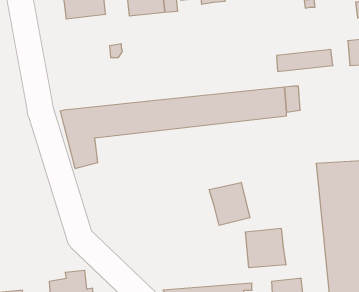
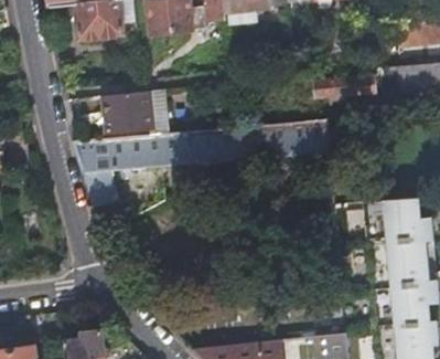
building: none -> [107,92,157,134]
building: [209,182,250,225] -> none
building: [245,228,286,268] -> none

